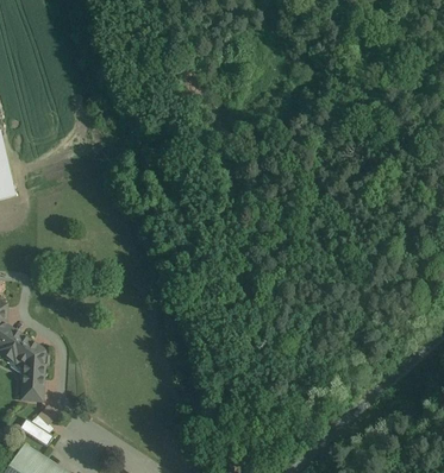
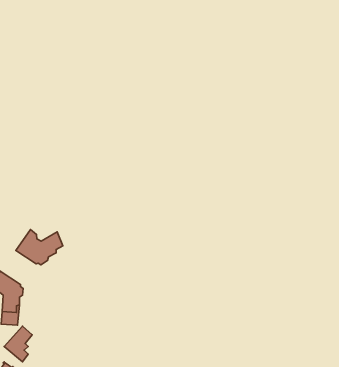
building: none -> [16,230,63,265]

